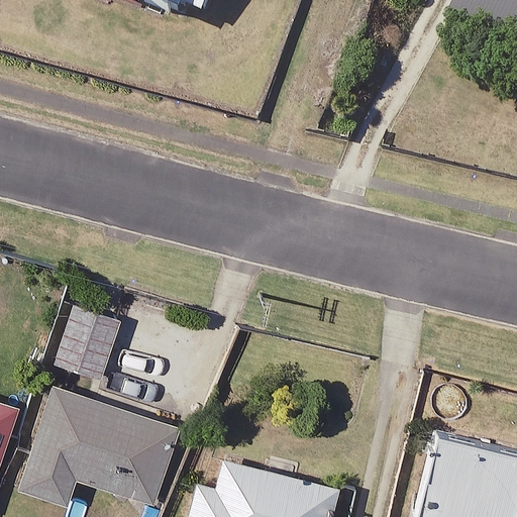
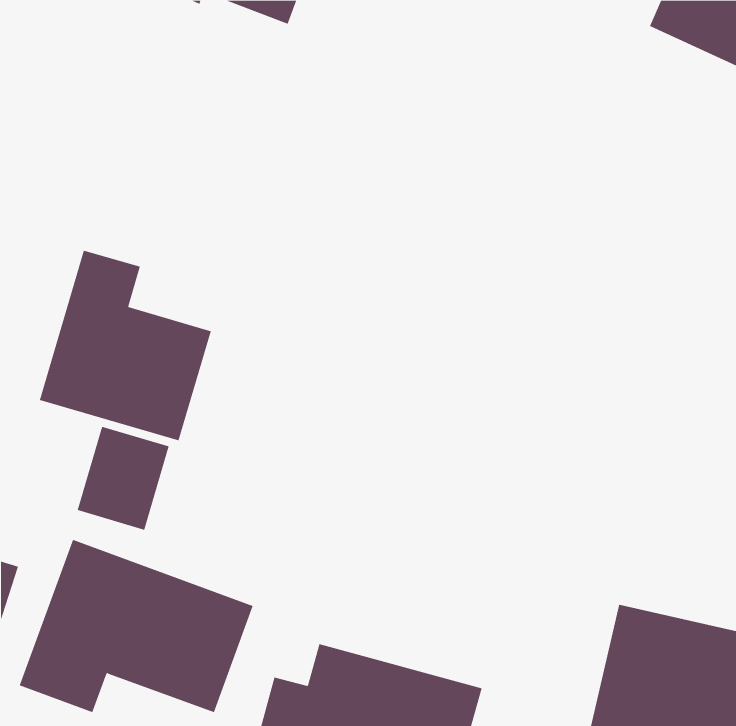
building: none -> [39,250,211,441]

